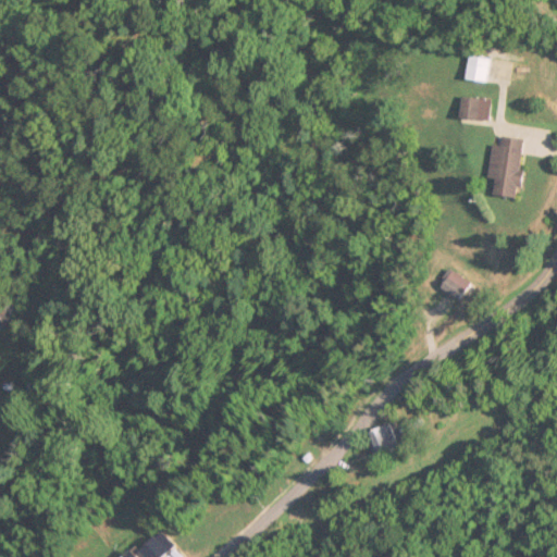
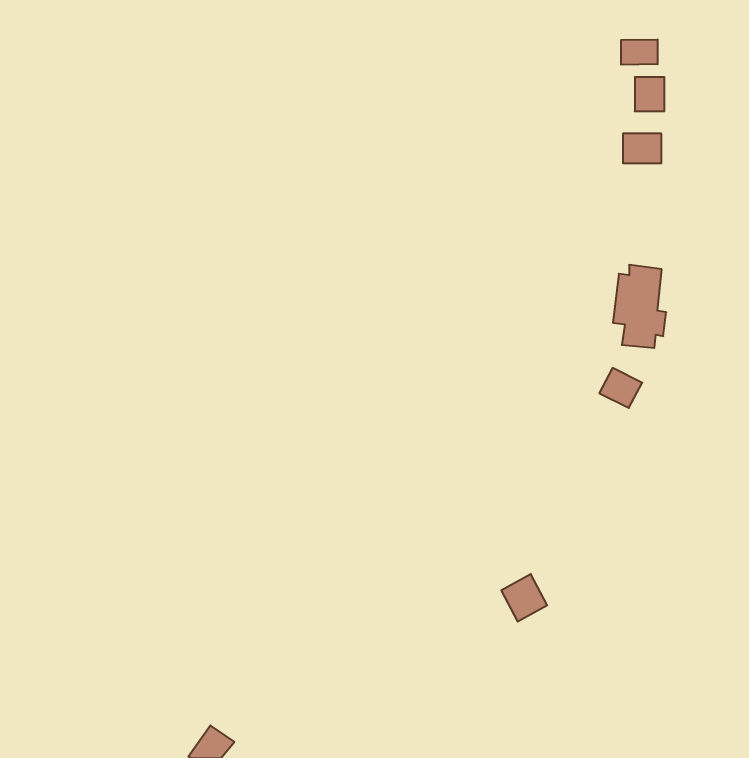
building: none -> [621,39,658,65]
building: [486,137,525,198] -> [613,265,666,348]

